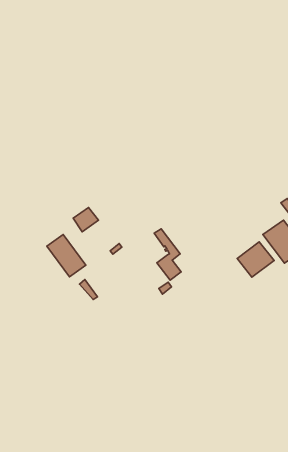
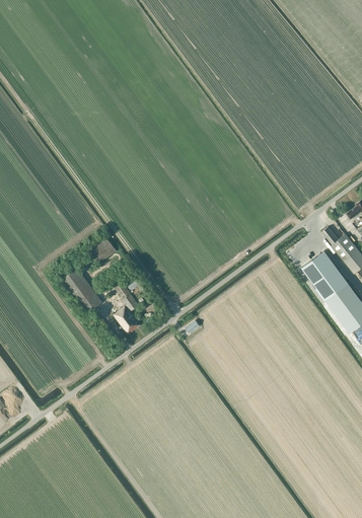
building: [154,229,181,280] -> [110,277,140,335]
building: [237,242,274,277] -> none

